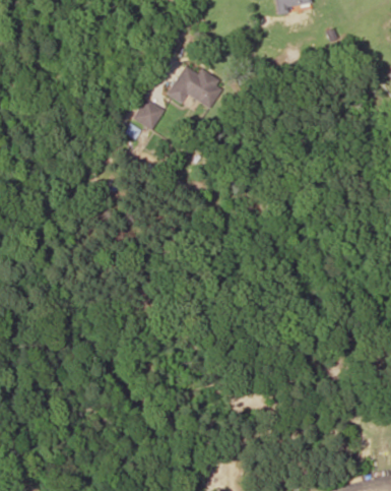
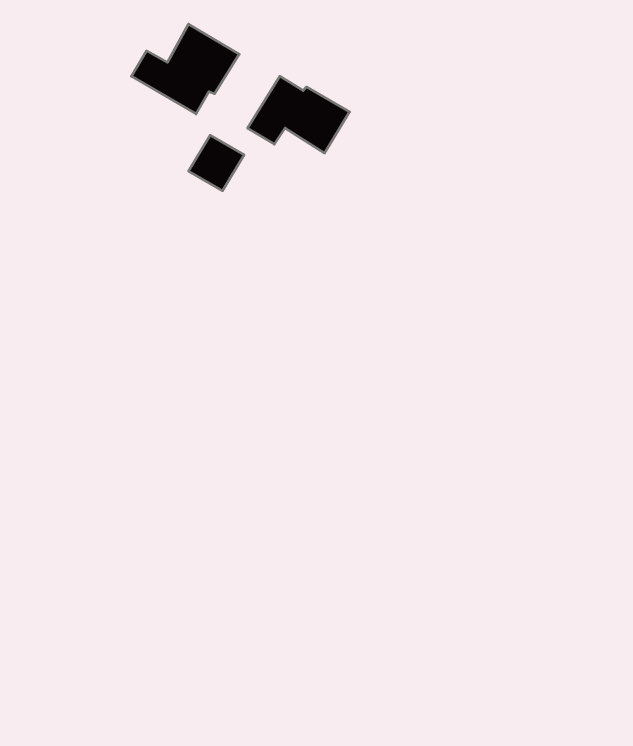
building: none -> [131,24,239,114]

